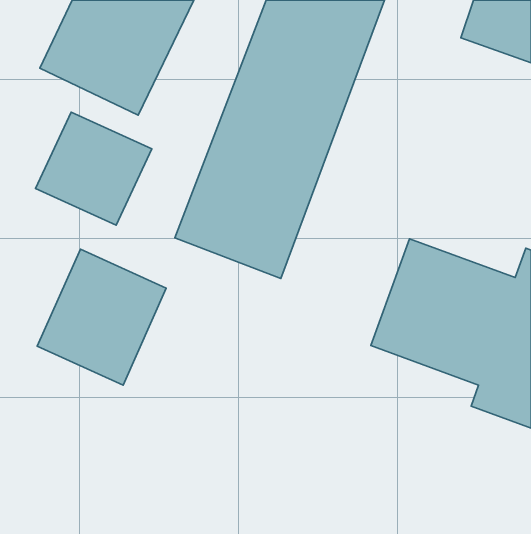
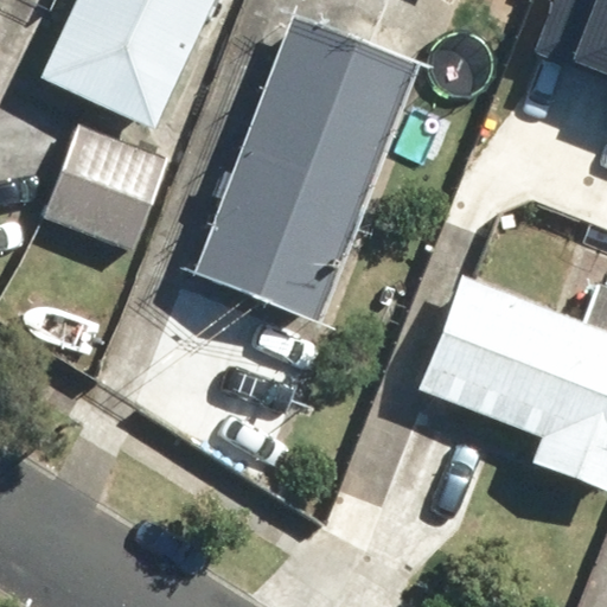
building: [37,249,166,385] -> none

